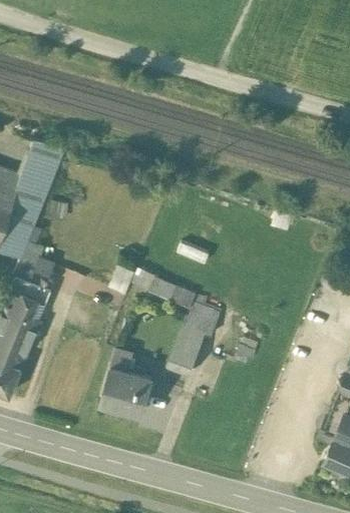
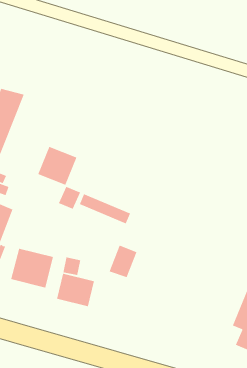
building: none -> [37,146,77,186]
building: [182,310,220,344] -> none
building: none -> [10,248,54,288]

